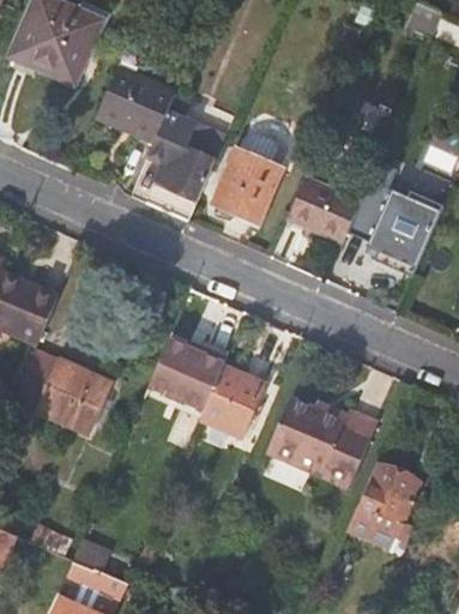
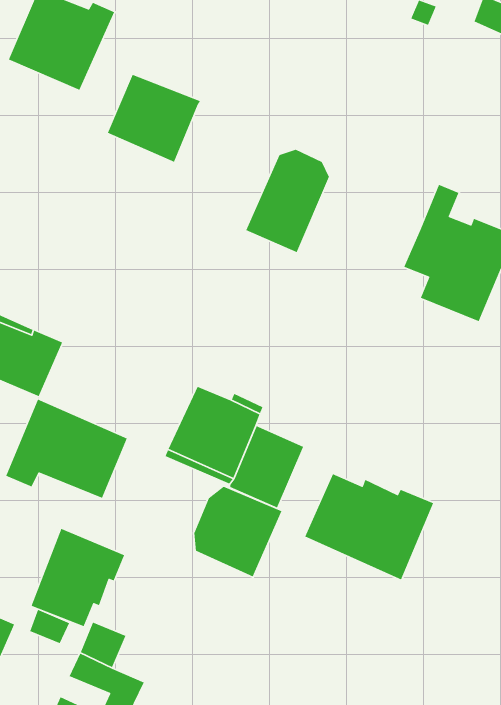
building: [147,94,225,200] -> none
building: [286,175,362,243] -> none
building: none -> [194,486,283,578]
building: none -> [31,528,125,627]
building: [349,464,419,550] -> none

